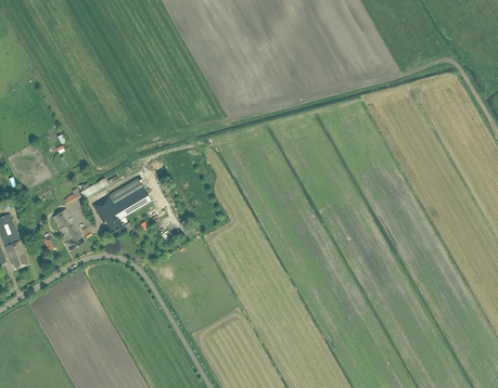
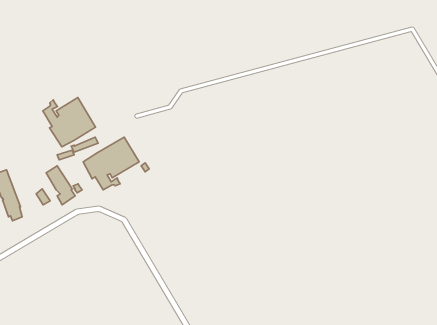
building: none -> [43,98,95,147]

